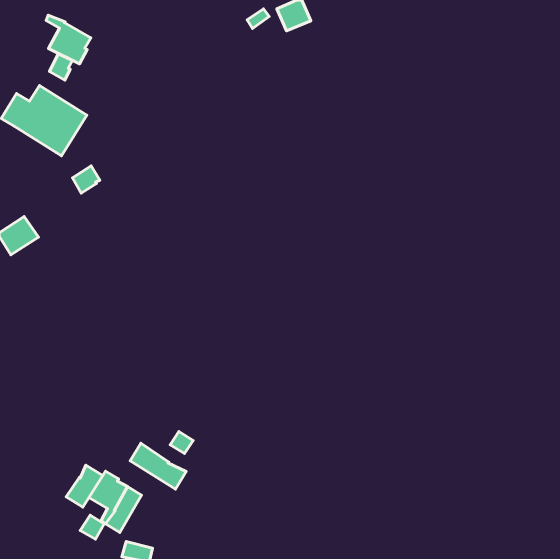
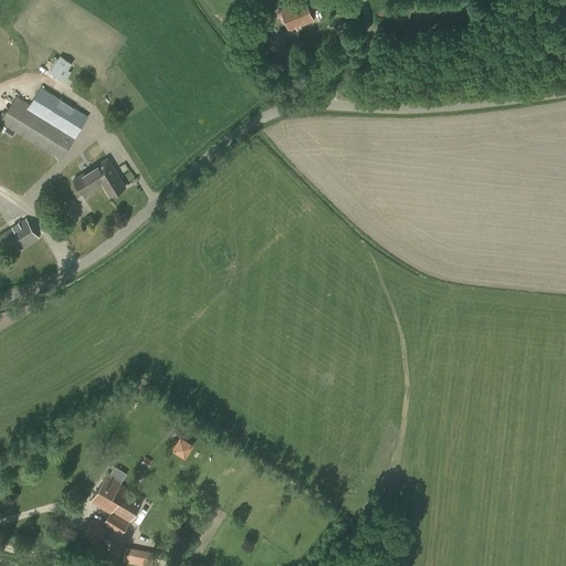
building: [46,15,91,64] -> none
building: none -> [92,159,125,199]
building: [130,443,186,489] -> none
building: [66,465,103,507] -> none

